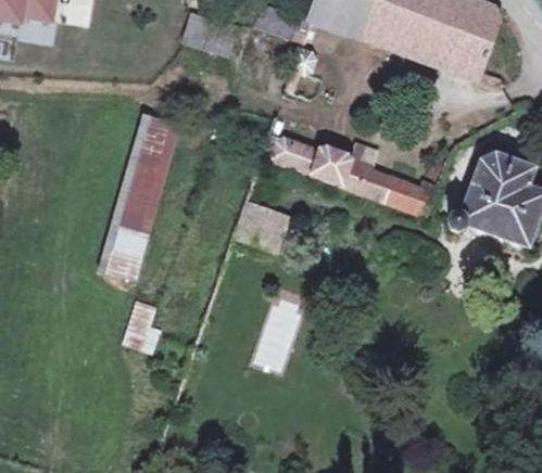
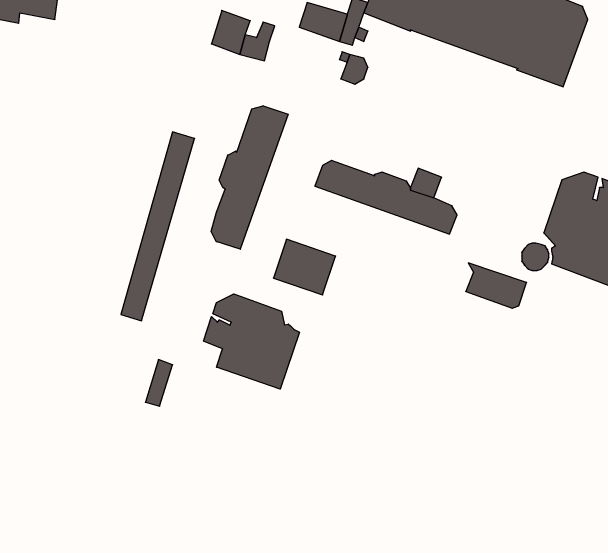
building: none -> [211,106,288,249]
building: [383,176,434,214] -> [466,263,527,308]
building: none -> [203,294,299,389]

